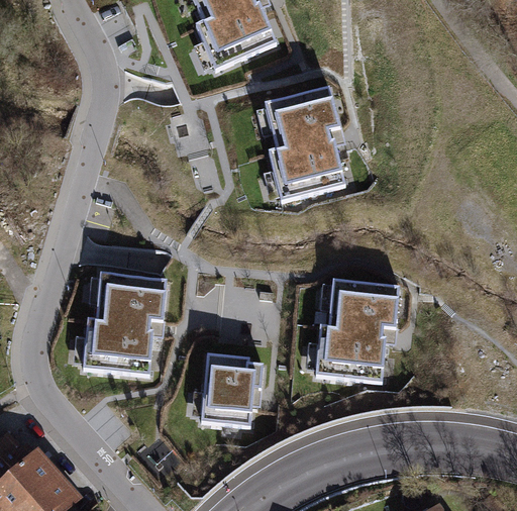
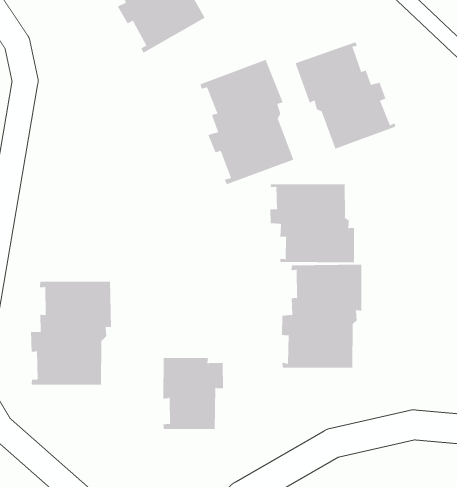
building: none -> [295,41,396,150]
building: none -> [270,184,354,263]

